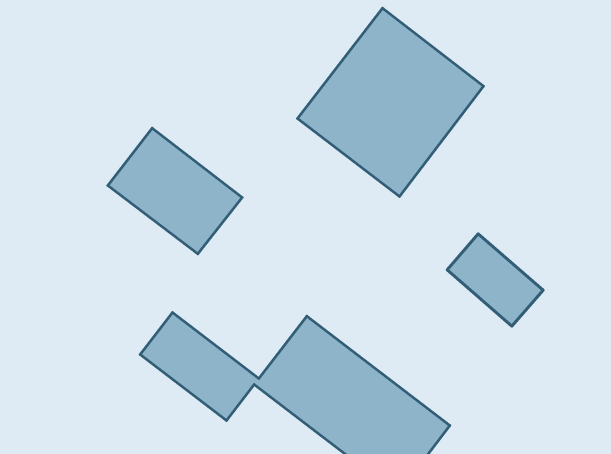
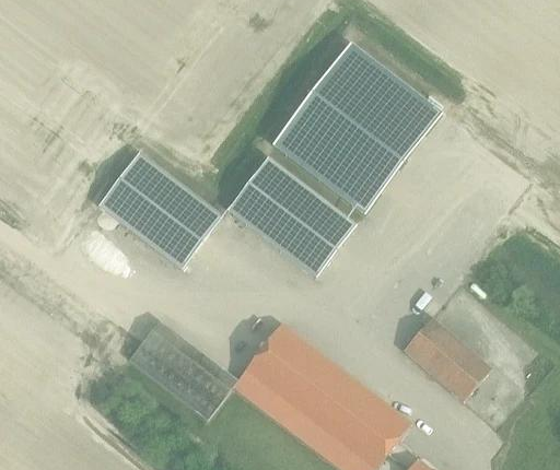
building: none -> [228,156,355,275]
building: [447,234,543,326] -> [402,317,490,401]

